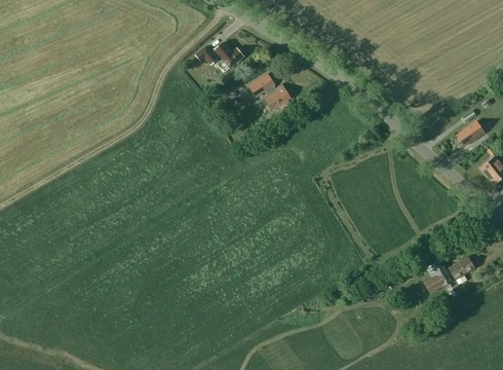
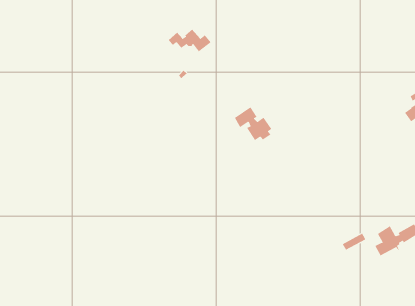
building: [248,73,291,111] -> [234,106,272,141]

